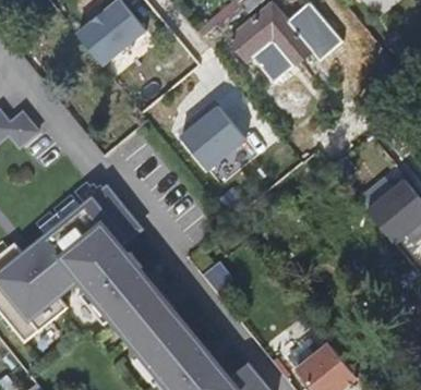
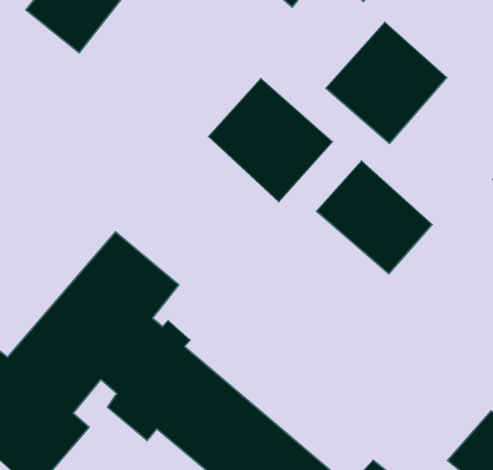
building: none -> [326,22,447,144]
building: none -> [317,161,432,274]

